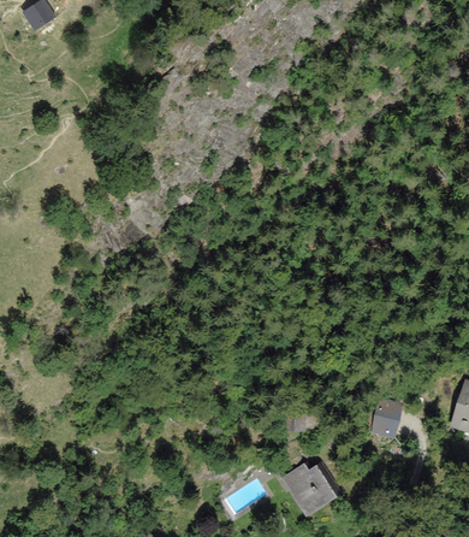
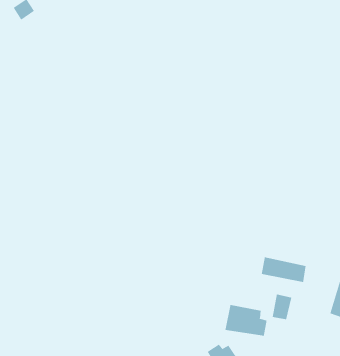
building: none -> [261,257,306,283]
building: none -> [225,304,267,337]

